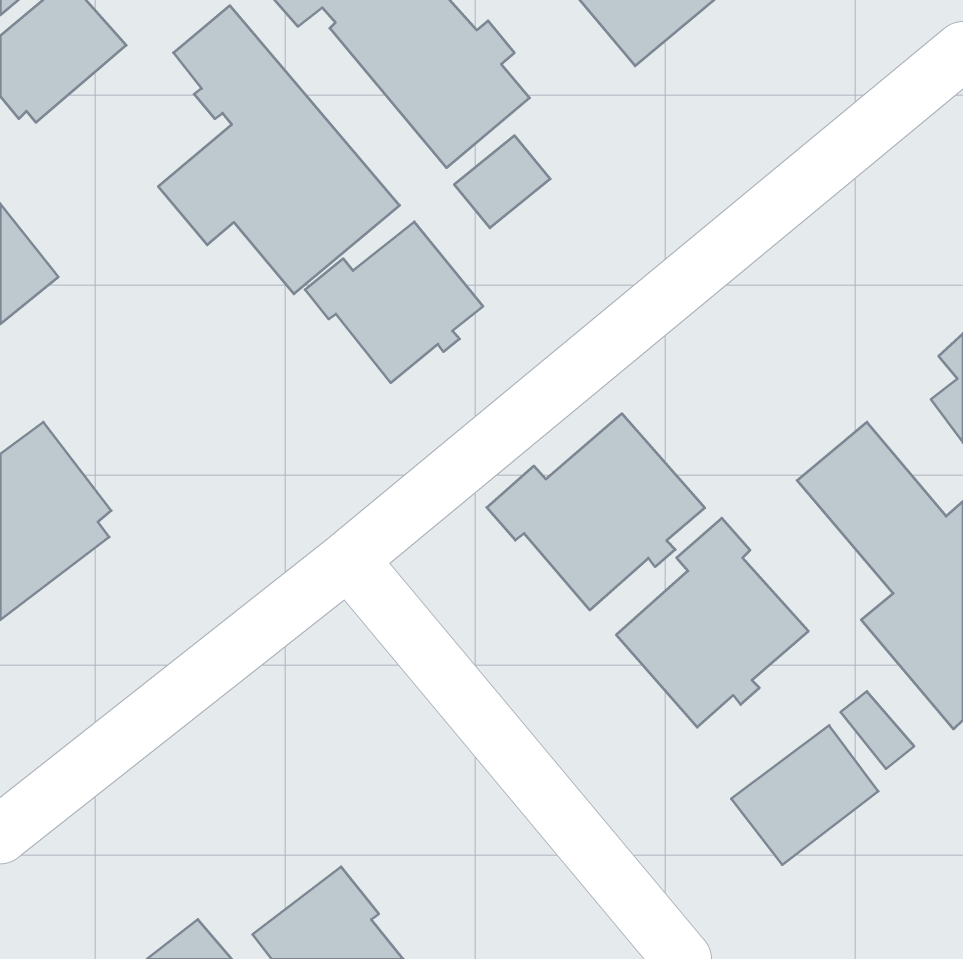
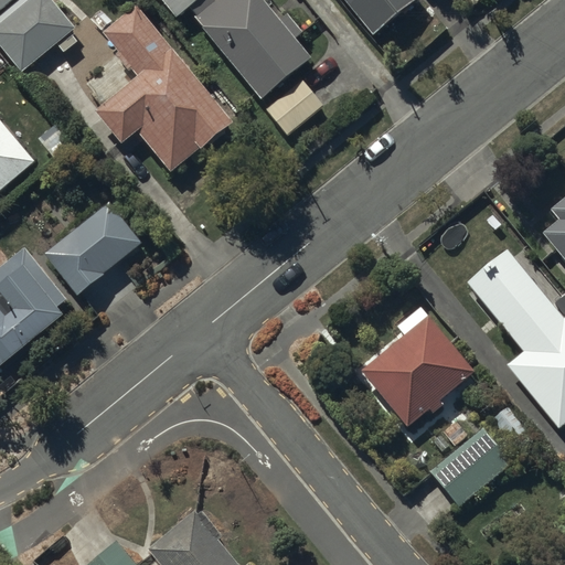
building: [305,222,483,383] -> none
building: none -> [44,201,140,295]
building: [487,414,705,610] -> none

